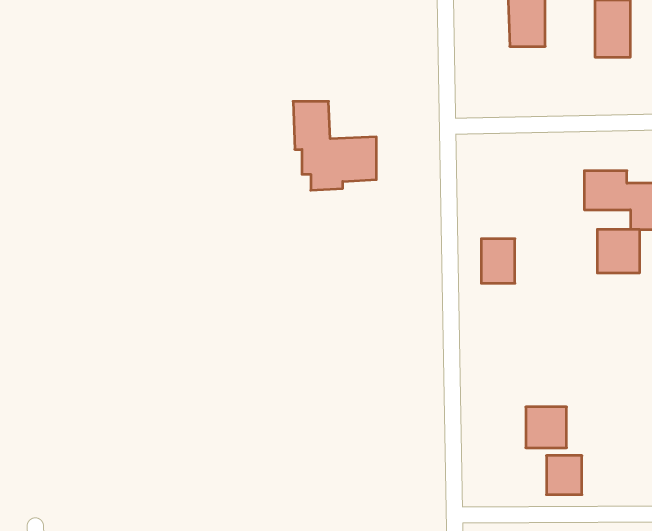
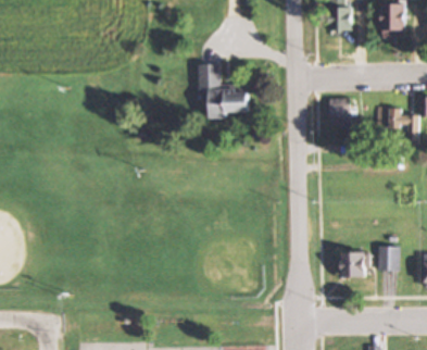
building: [597,229,639,273] -> none
building: [481,239,515,283] -> [329,99,350,126]
building: [546,456,582,495] -> [377,247,399,271]

